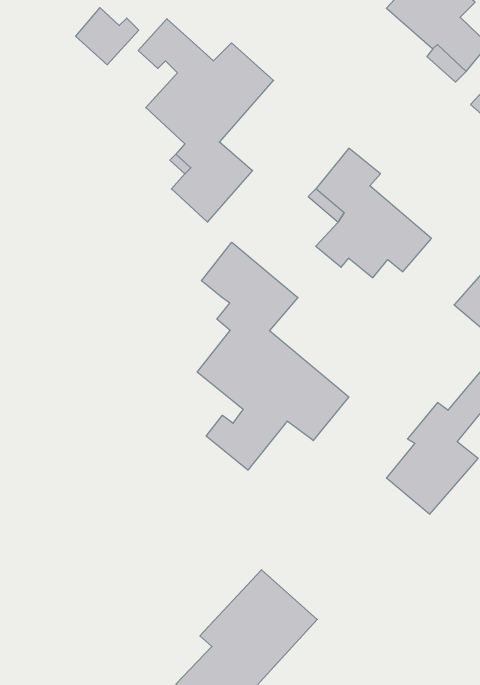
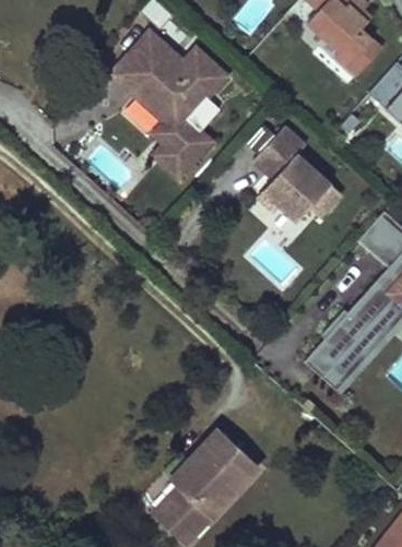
building: [76,8,139,65] -> [109,53,155,95]
building: [197,242,349,470] -> none

